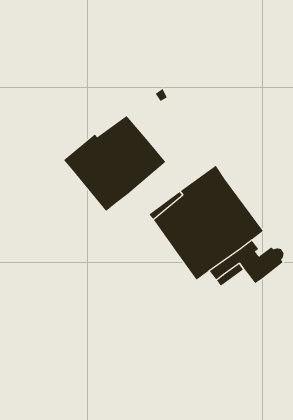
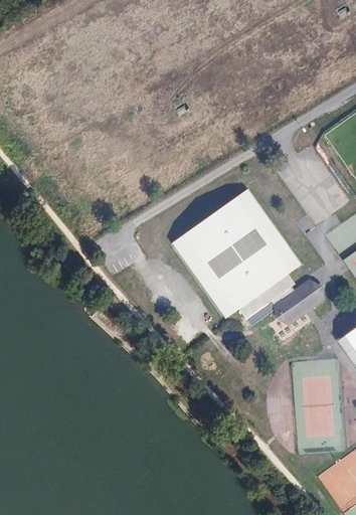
building: [63,115,166,212] -> none

